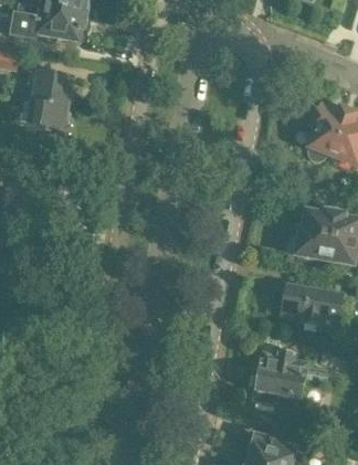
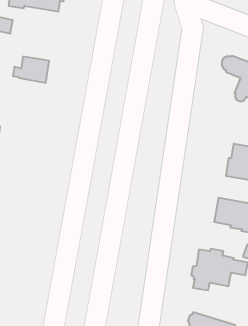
building: [25,72,72,106] -> none

